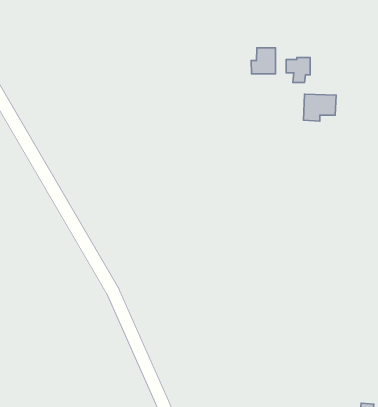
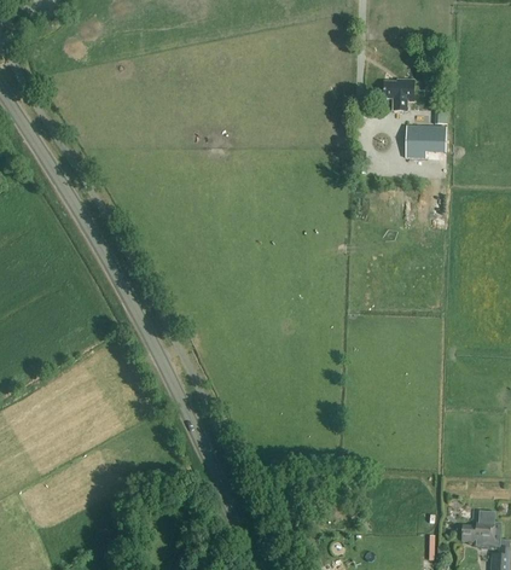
building: [251,48,276,74] -> none

